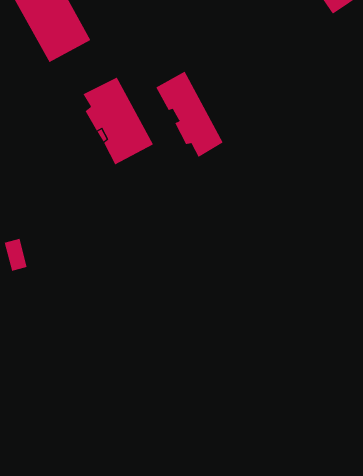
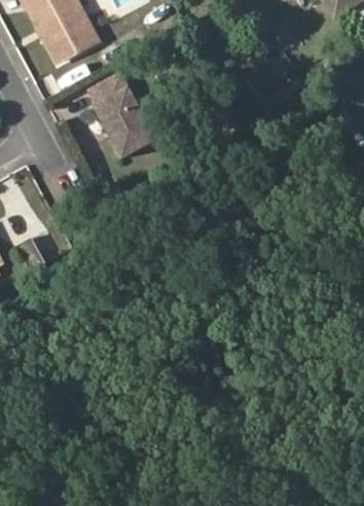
building: [156,71,224,158] -> none

